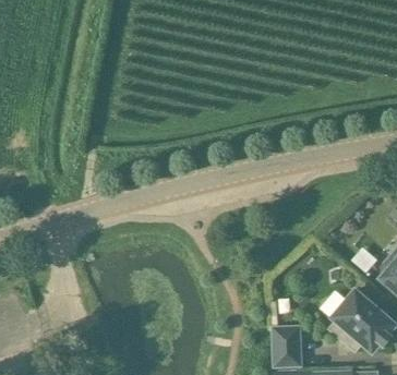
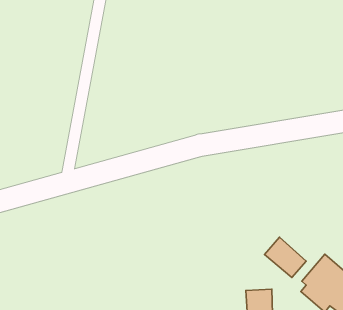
building: none -> [265,237,306,278]

